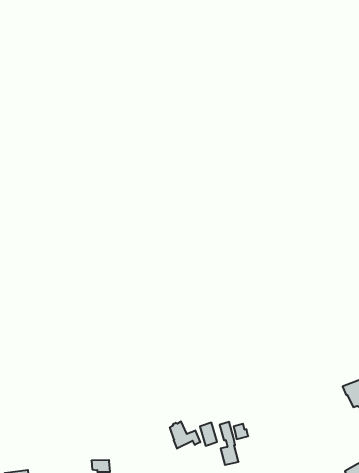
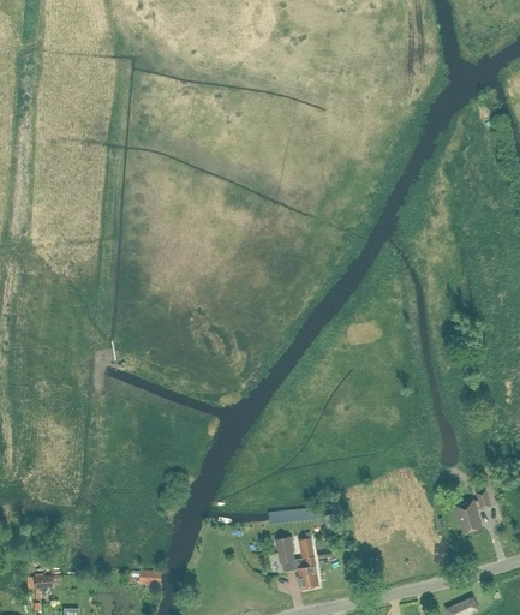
building: [170,421,200,449] -> none

